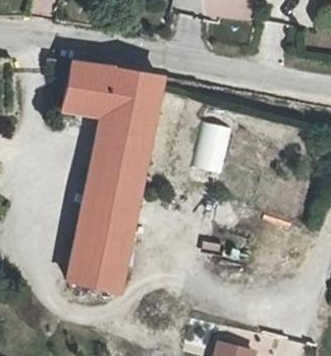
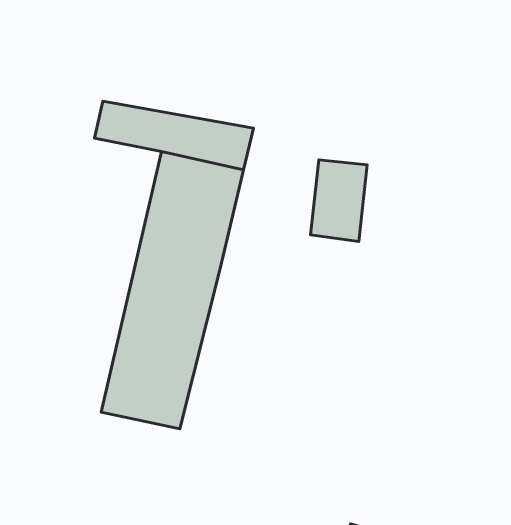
building: [70,66,167,103] -> none

